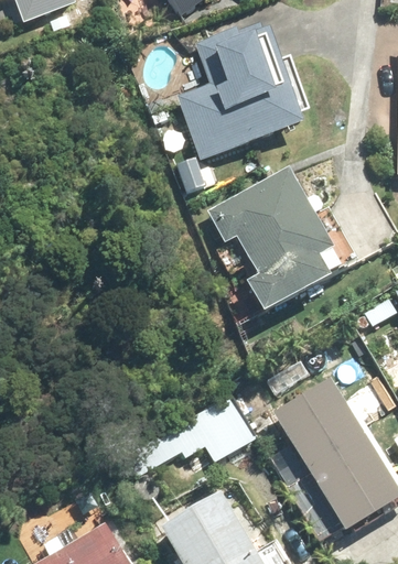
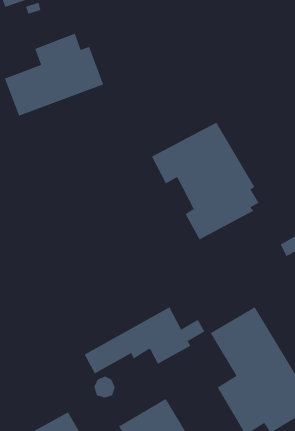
building: [179,19,306,156] -> none
building: none -> [4,33,104,116]

